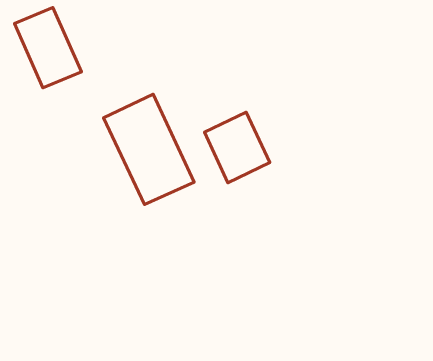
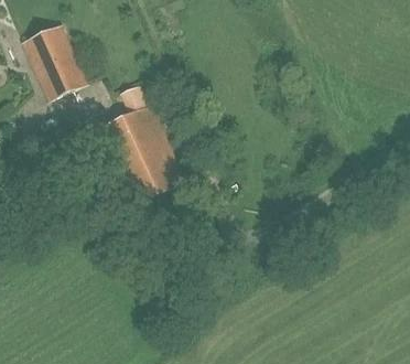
building: [204,112,270,183] -> none

